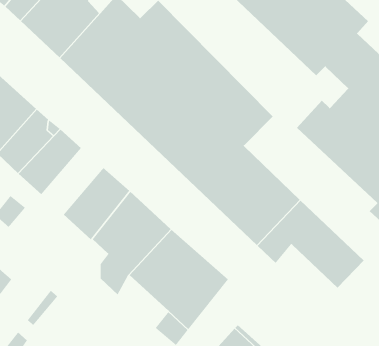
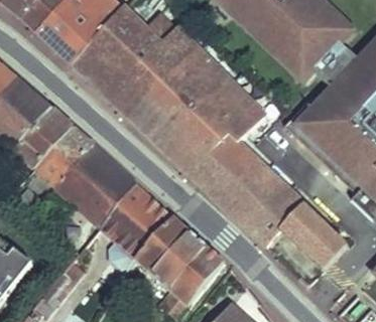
building: none -> [54,142,110,201]

